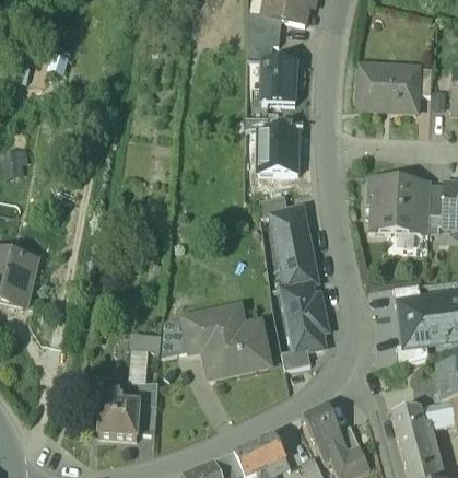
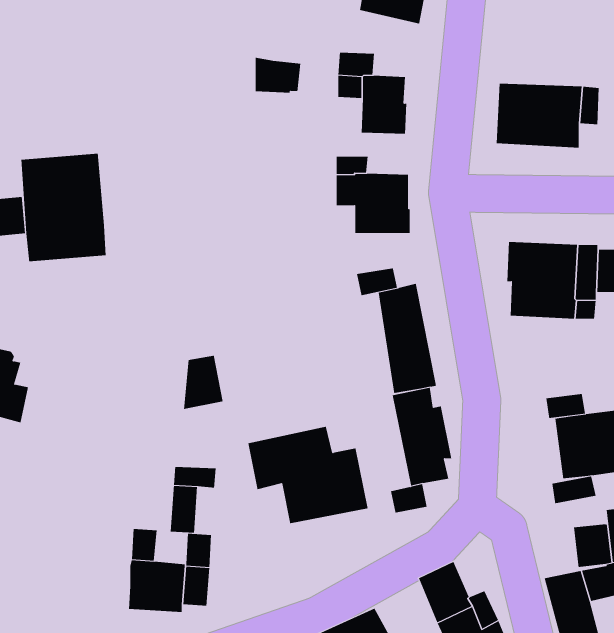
building: [248,20,281,45] -> [255,57,301,93]
building: none -> [21,153,106,262]
building: [162,319,190,358] -> [183,355,224,409]

